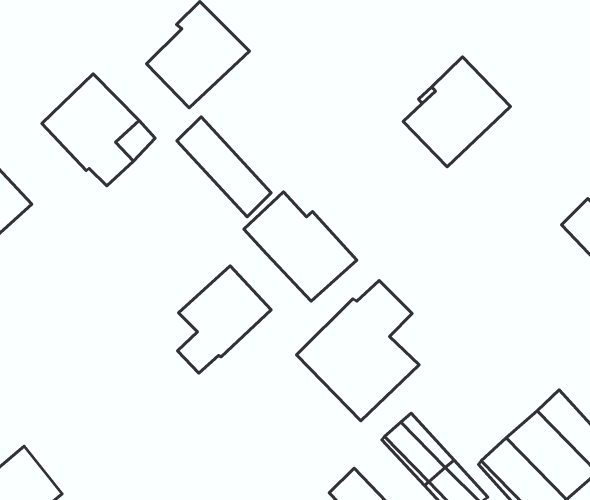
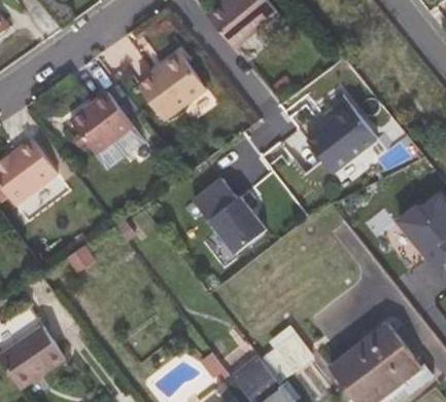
building: [177,117,271,217] -> none
building: [178,266,271,373] -> none
building: [297,280,419,421] -> none

